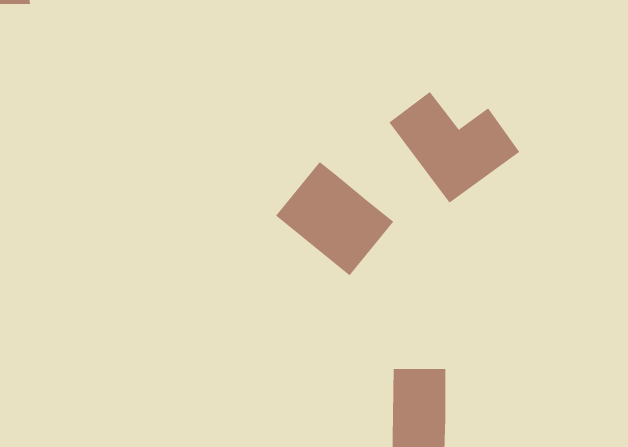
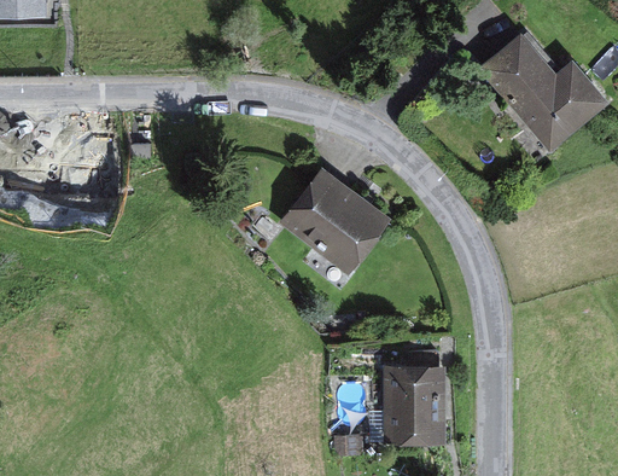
building: [388,91,520,204] -> [483,36,608,144]

